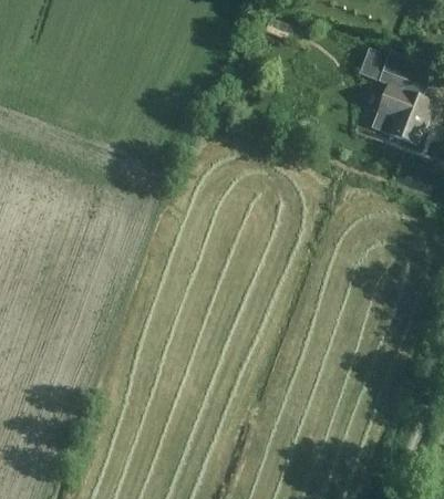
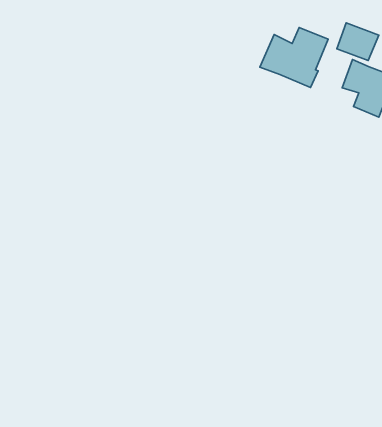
building: none -> [260,28,328,88]

